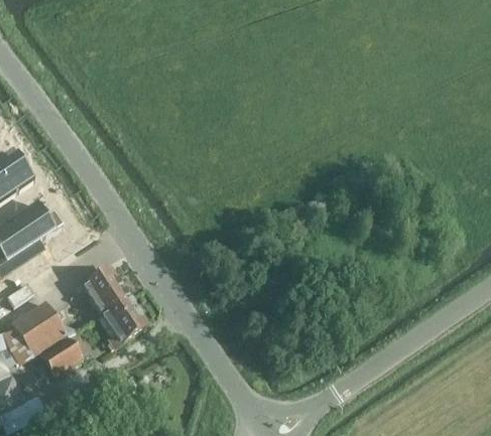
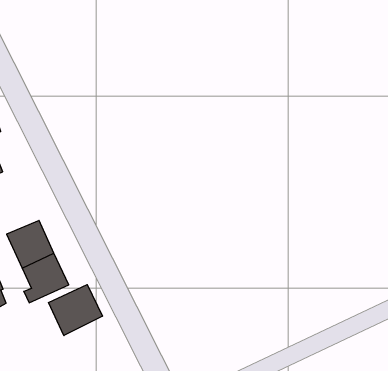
building: none -> [48,285,102,336]

